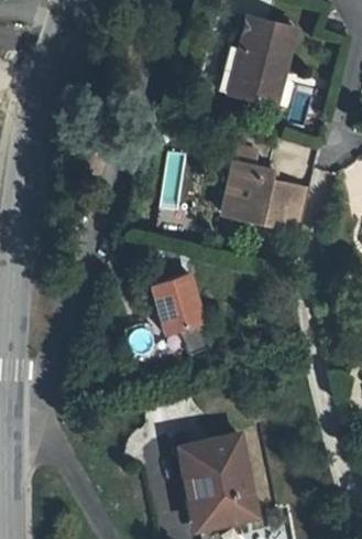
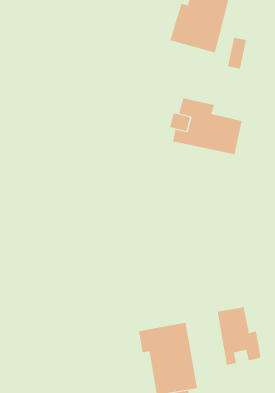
building: [154,277,202,332] -> none
building: none -> [217,307,261,365]

